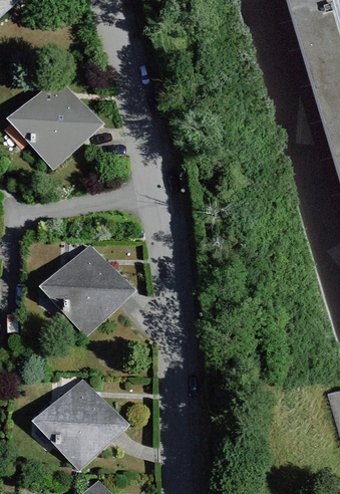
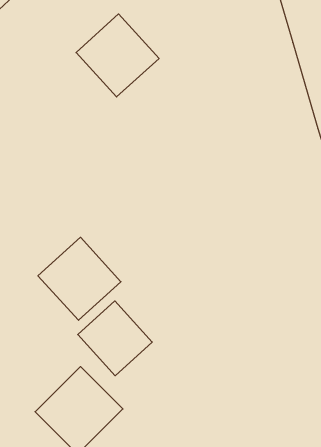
building: [9,81,95,168] -> [76,14,159,97]
building: none -> [78,301,152,376]

